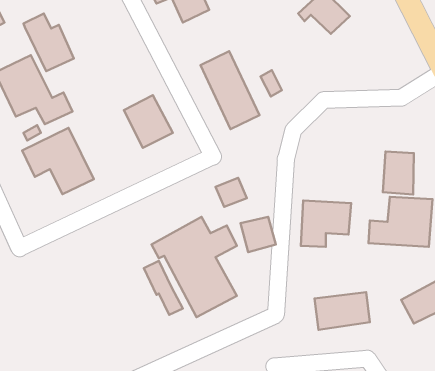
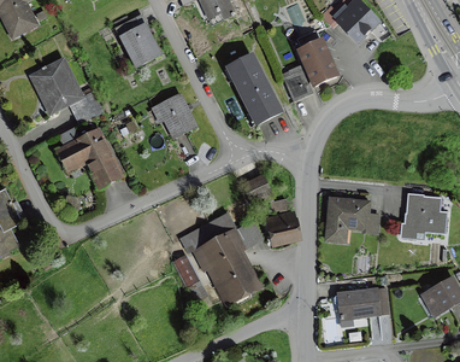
building: [24,13,74,71] -> [113,13,161,69]
building: none -> [294,40,330,84]
building: [383,152,414,194] -> none

